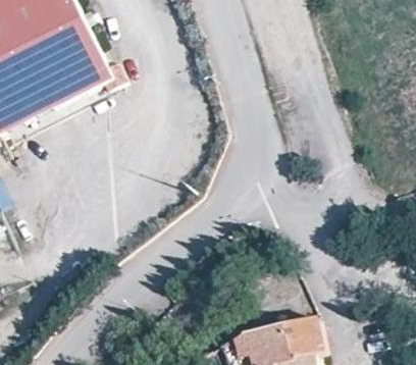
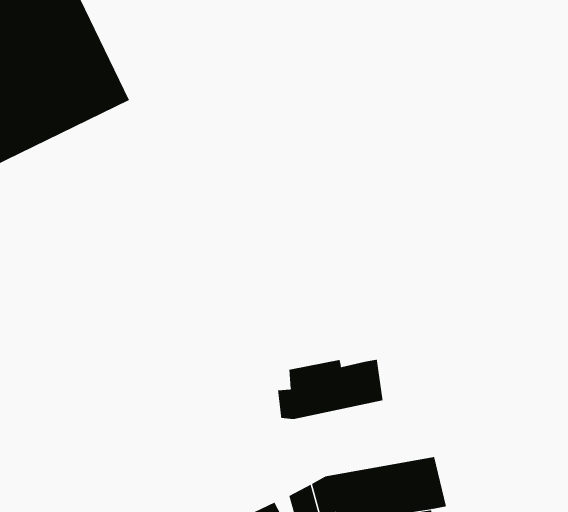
building: none -> [277,359,383,420]

